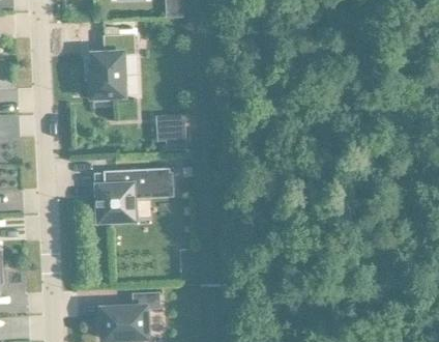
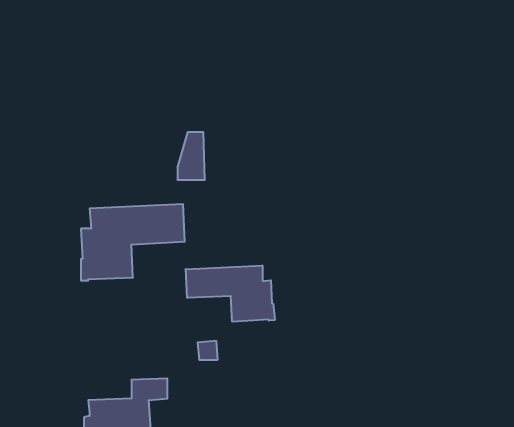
building: [90,35,135,102] -> none
building: none -> [186,265,275,322]

